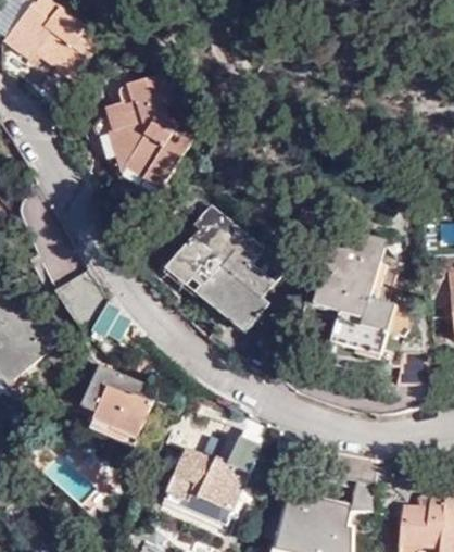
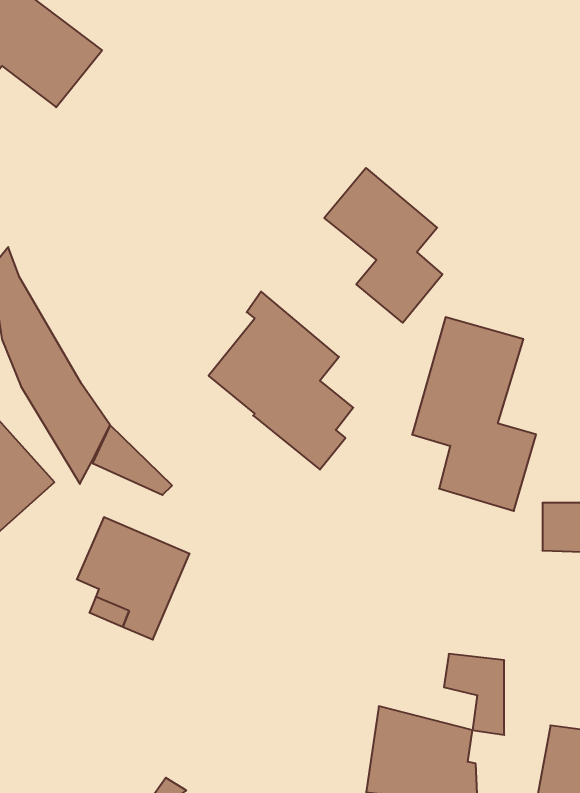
building: [98,80,182,191] -> none
building: none -> [324,168,442,323]
building: [163,436,258,529] -> none

